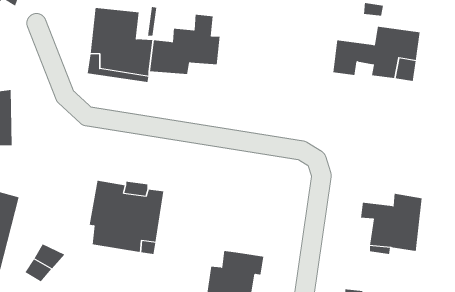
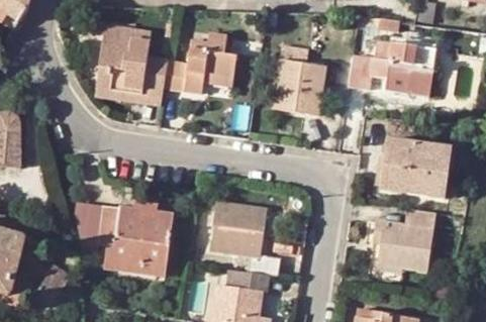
building: none -> [274,44,320,117]
building: none -> [382,138,455,201]
building: none -> [74,195,104,244]
building: none -> [215,204,283,278]

